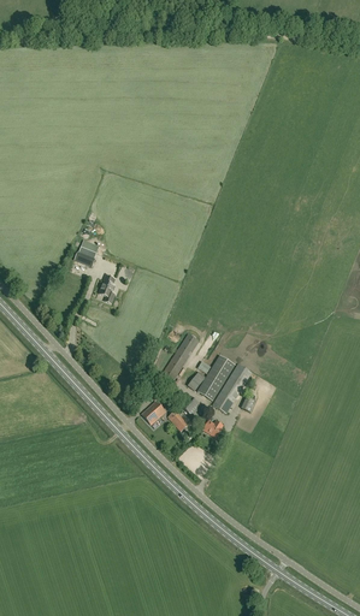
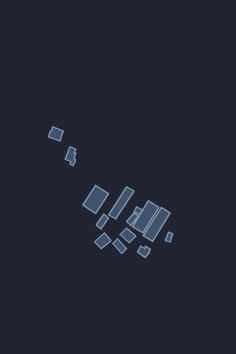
building: none -> [83,185,108,213]

